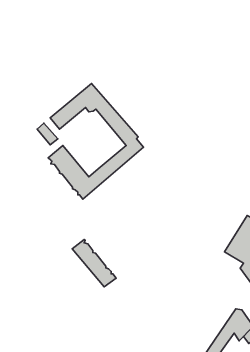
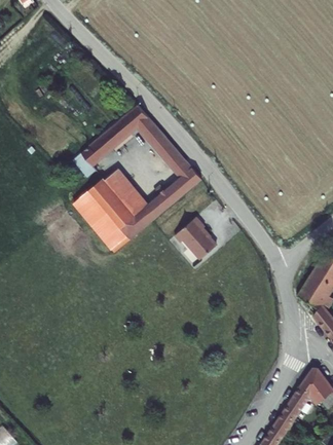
building: none -> [105,162,149,211]
building: none -> [174,214,218,259]
building: [72,239,116,287] -> [76,191,128,248]

